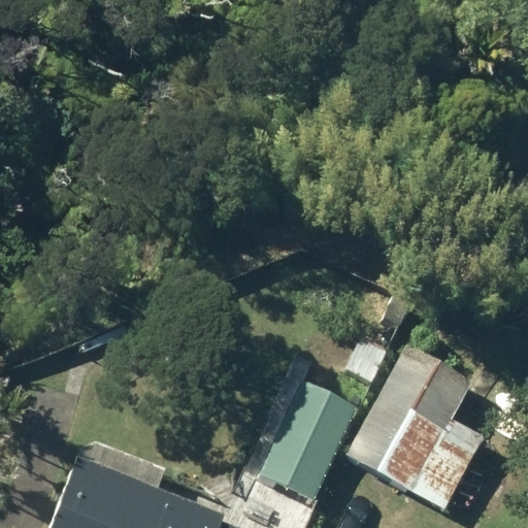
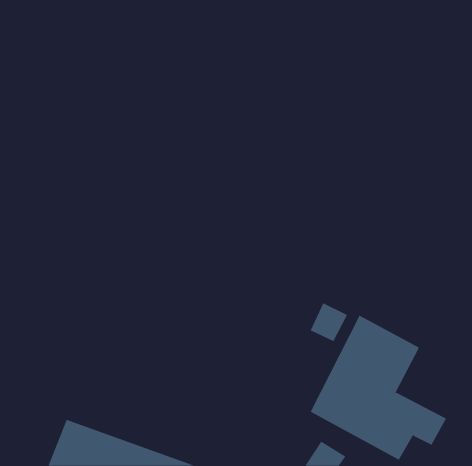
building: [259,384,354,498] -> none

